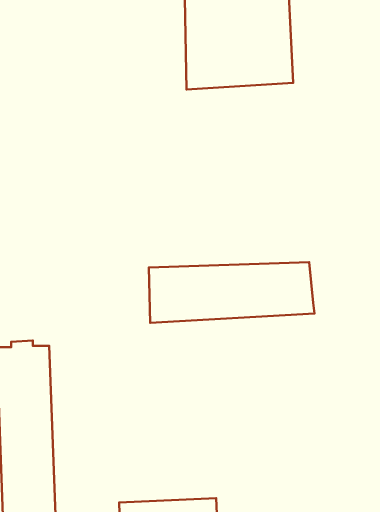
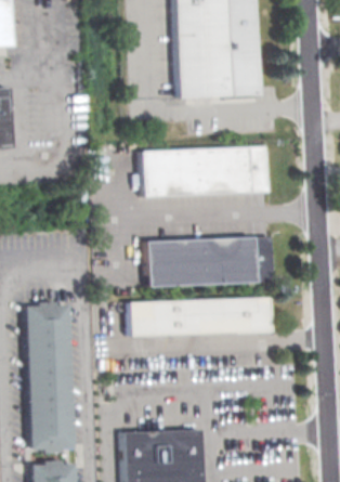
building: none -> [142,149,275,196]
building: none -> [128,298,273,335]

